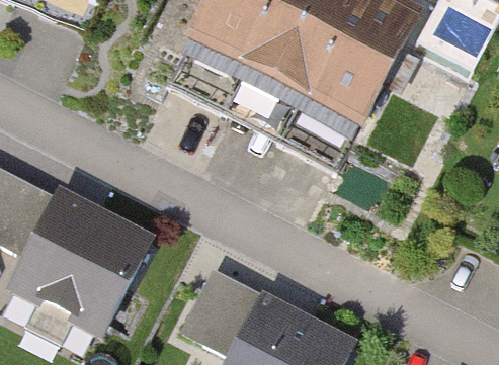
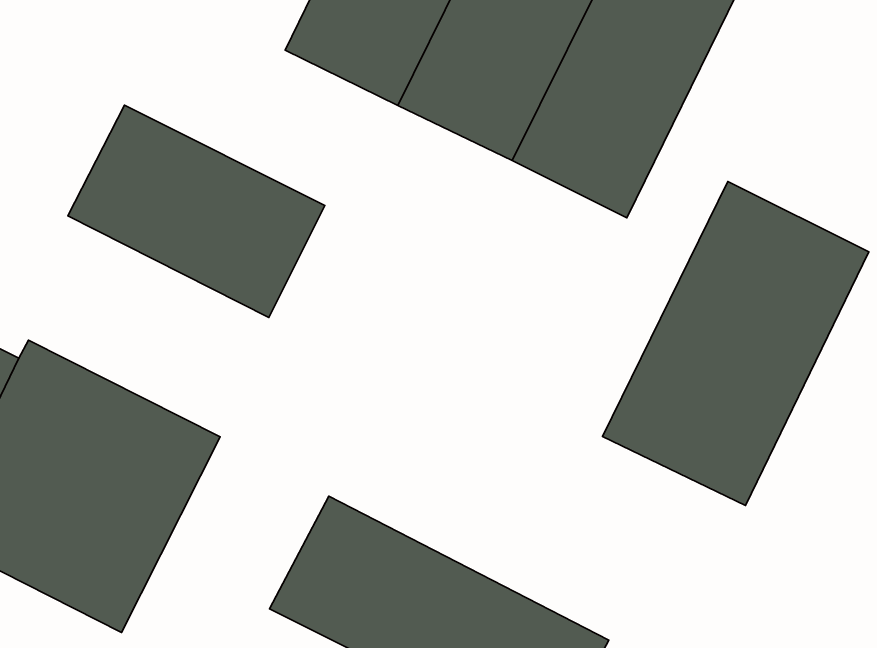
building: none -> [68,105,325,318]
building: none -> [603,181,869,506]

